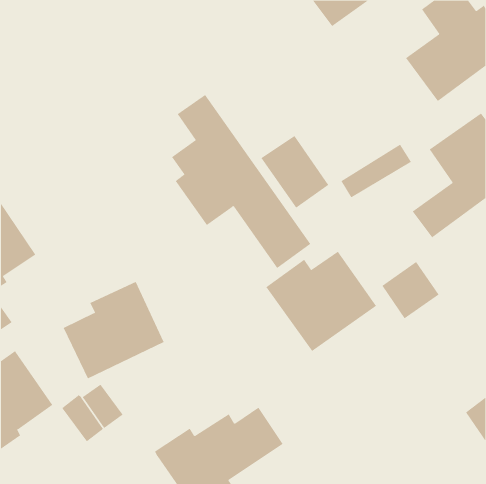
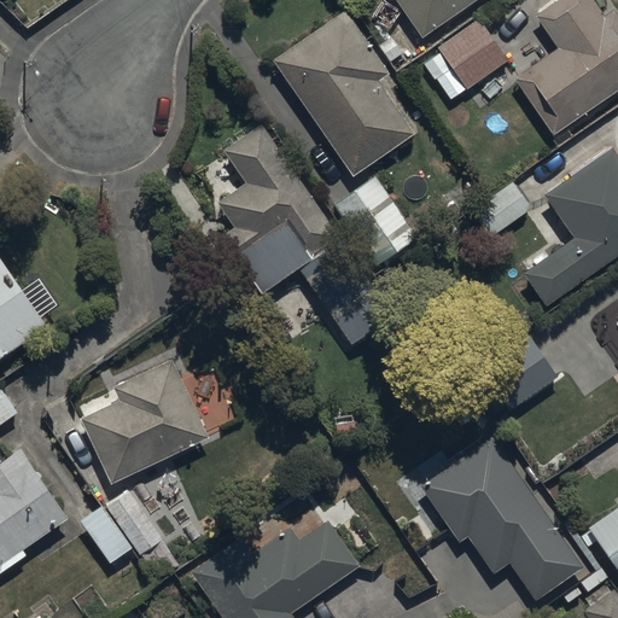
building: none -> [272,8,416,176]
building: none -> [435,17,509,91]
building: [266,251,377,352] -> none
building: none -> [422,438,583,601]

